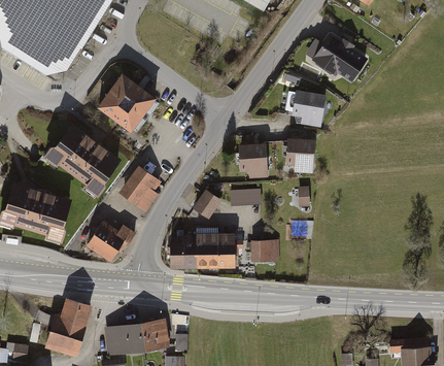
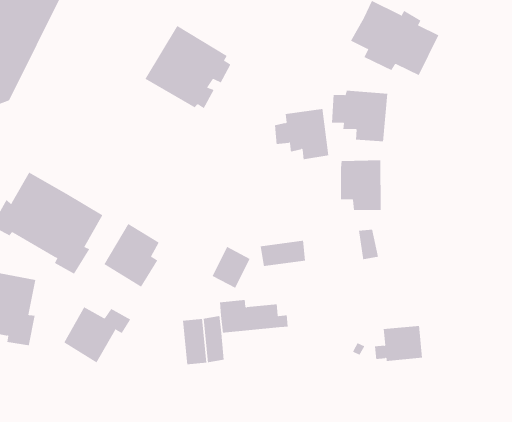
building: [96,75,157,135] -> [145,25,231,109]
building: [231,144,267,178] -> [274,109,329,160]
building: [243,239,276,262] -> [374,325,423,361]
building: [196,248,236,267] -> none

